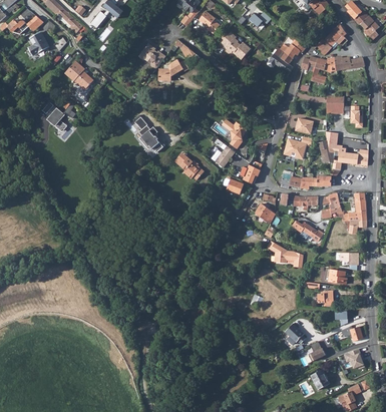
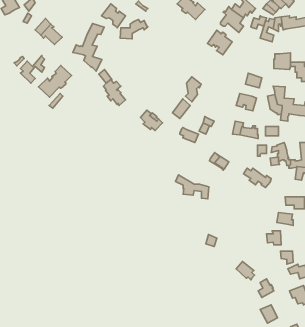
building: none -> [73,23,104,71]
building: none -> [208,30,232,55]
building: none -> [39,65,71,97]
building: [267,241,303,267] -> [176,175,209,199]

